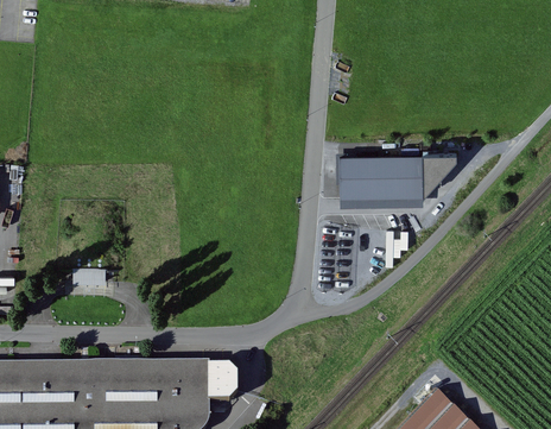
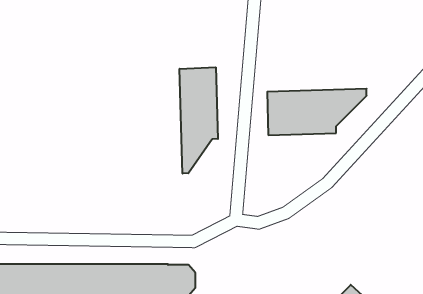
building: none -> [180,67,218,174]

